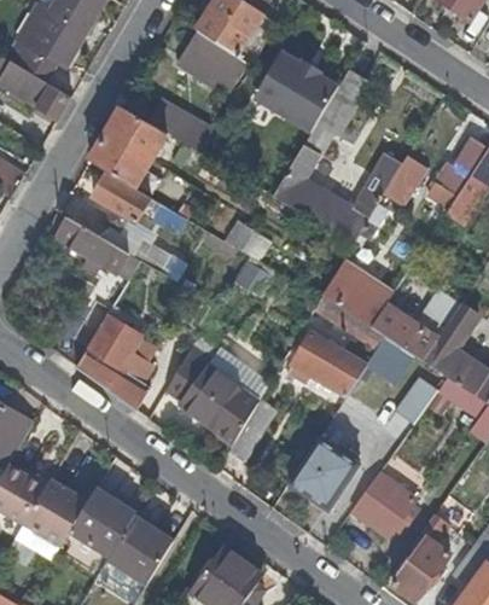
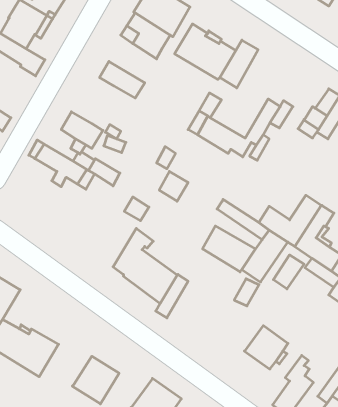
building: [88,106,167,187] -> none
building: [324,277,384,327] -> none
building: [76,314,159,412] -> none
building: [287,436,357,510] -> none
building: [70,488,136,557] -> none

